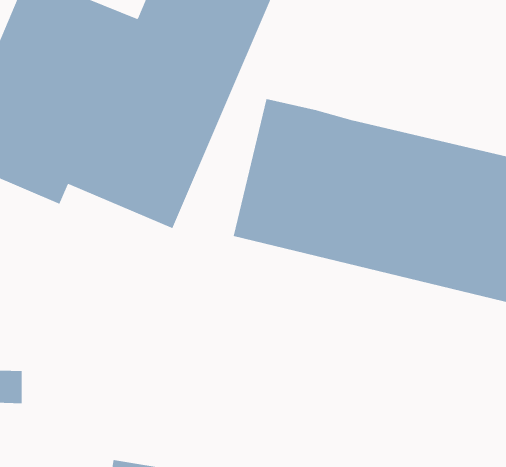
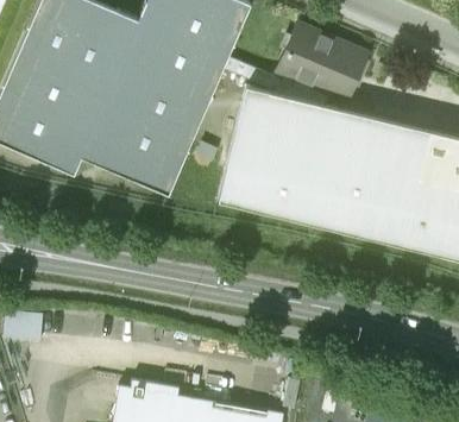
building: none -> [278,26,364,105]

